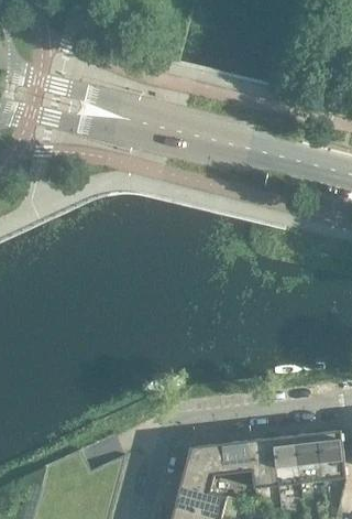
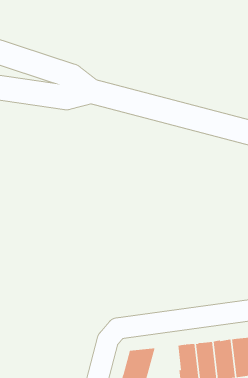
building: [216,441,255,476] -> none

